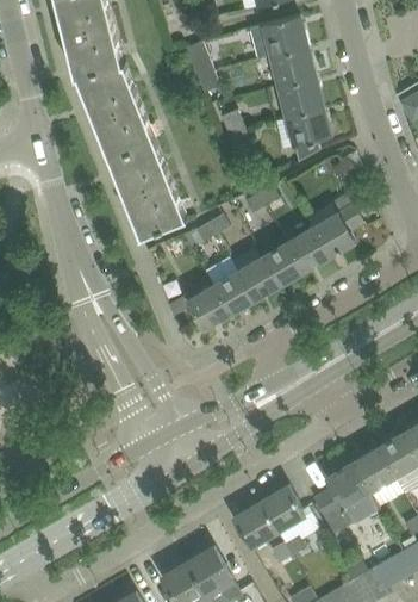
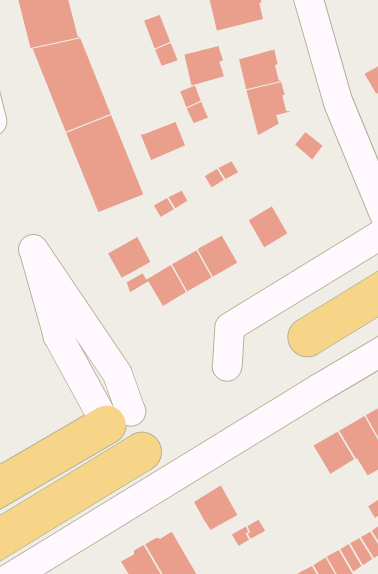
building: [270,46,311,87] -> [184,45,225,86]
building: none -> [140,121,186,161]
building: [311,197,360,257] -> none
building: [262,244,302,286] -> none
building: none -> [107,236,151,279]
building: [314,465,378,533] -> none
building: [261,488,305,533] -> none

